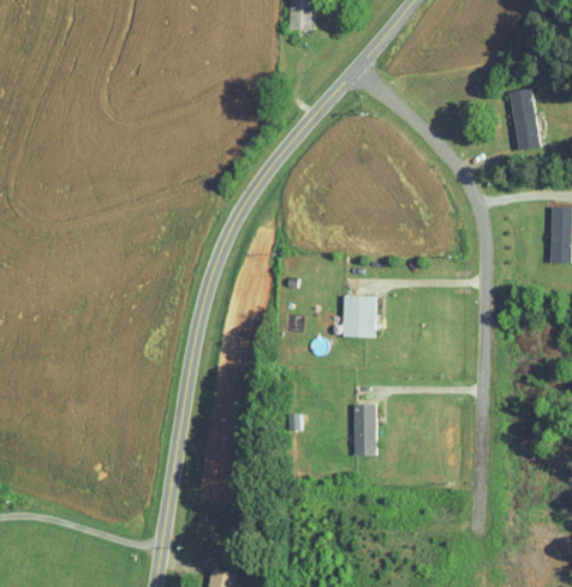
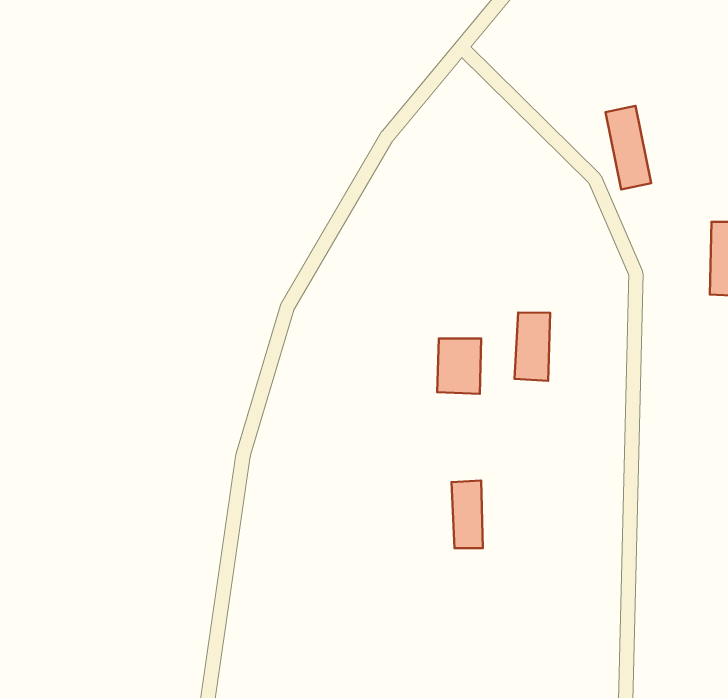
building: [507,88,542,151] -> [606,106,651,189]
building: none -> [515,312,550,381]

